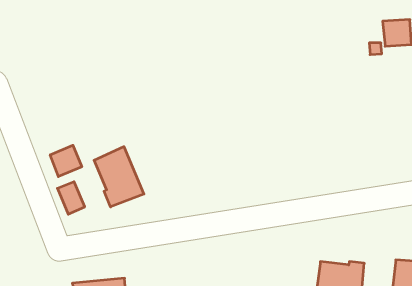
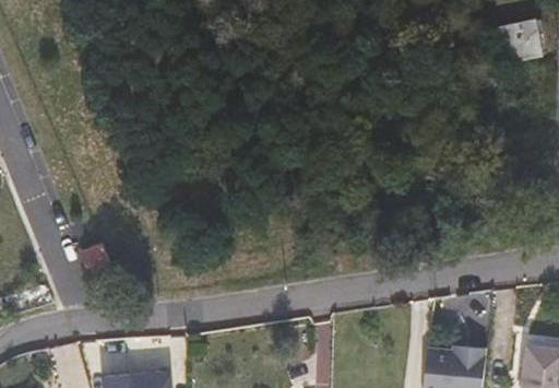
building: [50,145,82,177] -> none
building: [94,147,144,207] -> none

